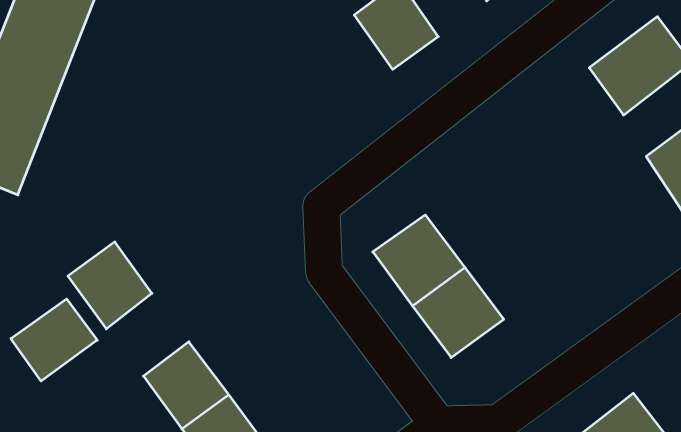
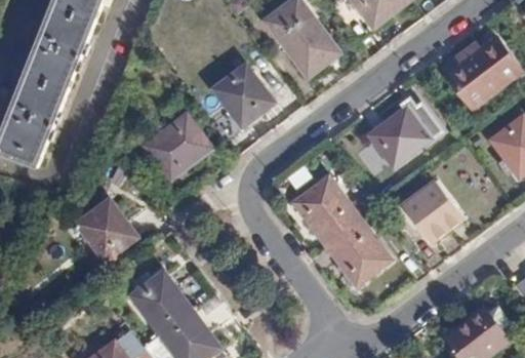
building: none -> [214,62,276,125]
building: none -> [369,95,444,167]
building: none -> [148,114,212,177]
building: none -> [403,180,463,243]
building: [11,299,97,381] -> none

